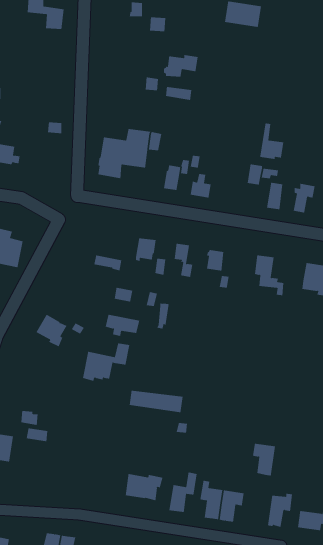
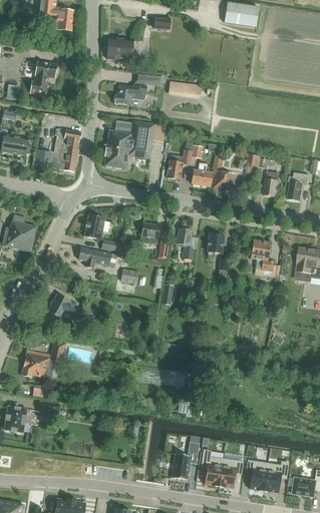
building: none -> [106,37,133,59]
building: [163,55,198,77] -> [113,83,146,104]
building: none -> [29,60,57,94]
building: [259,123,284,159] -> [211,155,234,189]
building: none -> [34,126,81,170]
building: none -> [84,213,110,238]
building: [105,314,140,337] -> [78,246,111,268]
building: [82,343,130,381] -> [21,341,66,377]
building: [252,443,276,476] -> [246,460,268,491]
building: [125,473,163,501] -> none

